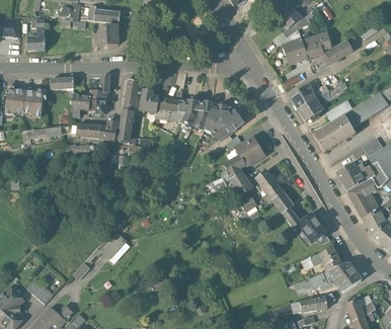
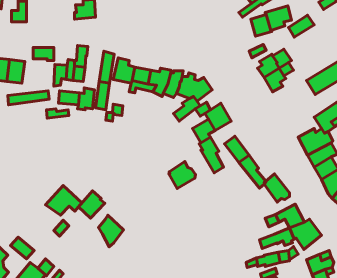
building: [311,112,357,151] -> none
building: none -> [169,161,195,189]
building: none -> [45,186,82,215]
building: none -> [99,215,124,247]

